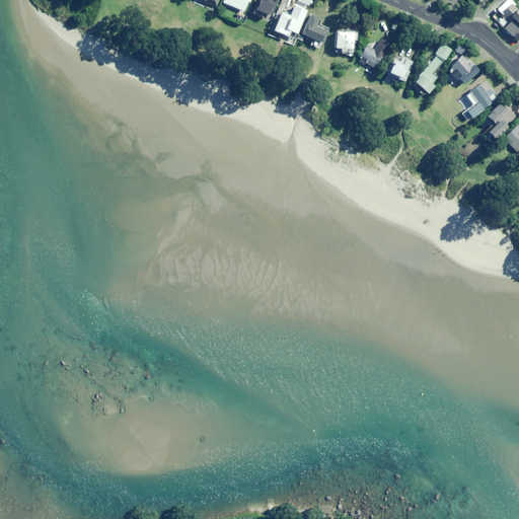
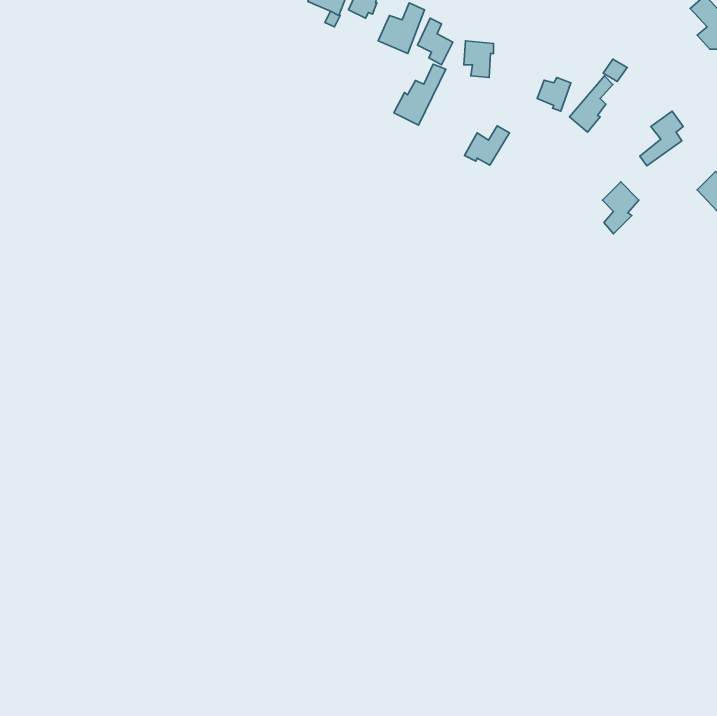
building: [358,39,390,67] -> [465,126,510,165]
building: none -> [394,64,446,125]
building: [447,55,477,83] -> none
building: [487,101,513,139] -> [602,182,639,234]

